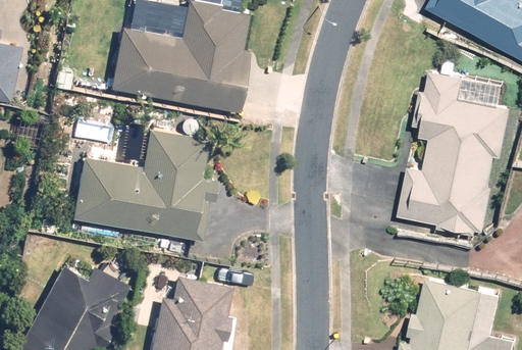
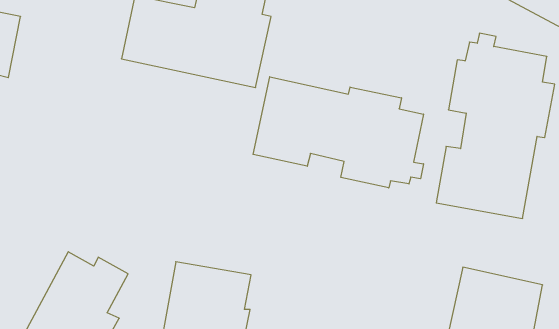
building: none -> [253,77,423,188]
building: [69,128,219,256] -> none

